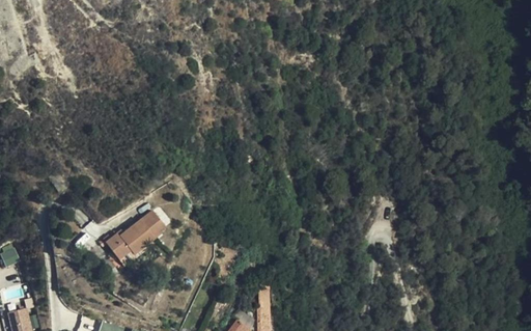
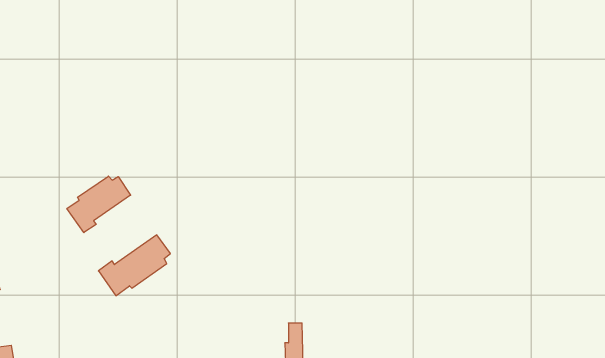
building: none -> [67,176,131,233]

